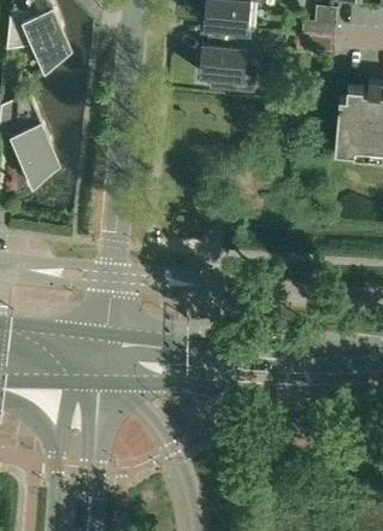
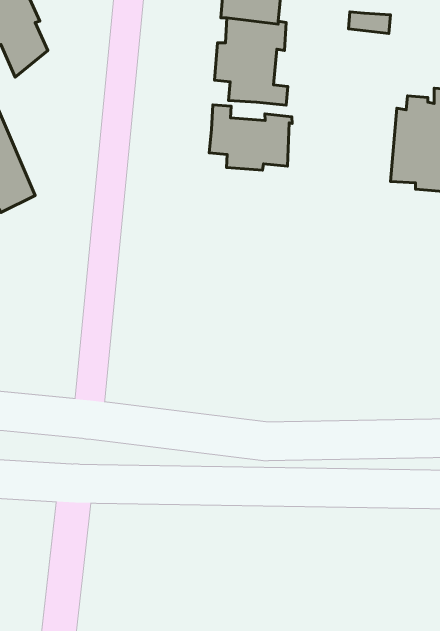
building: none -> [209,105,292,170]

